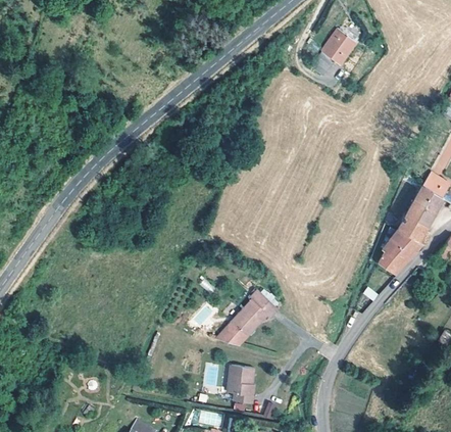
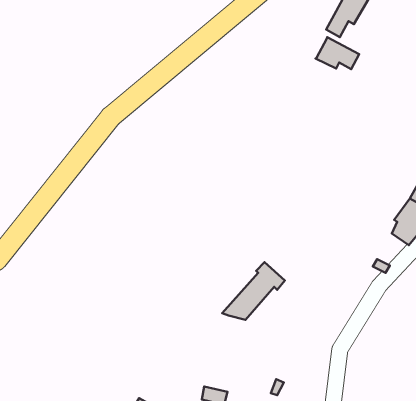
building: none -> [316,37,359,69]
building: [229,365,254,403] -> none

